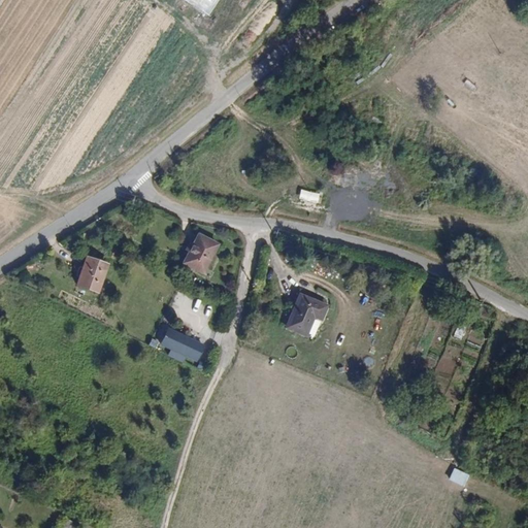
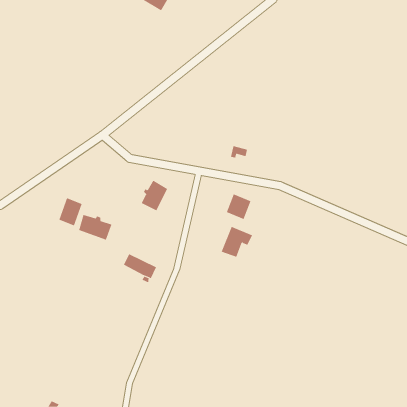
building: none -> [226,193,251,220]
building: none -> [79,214,112,240]

